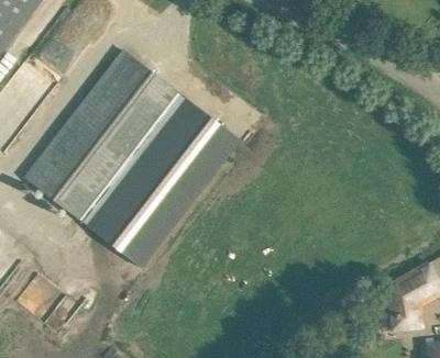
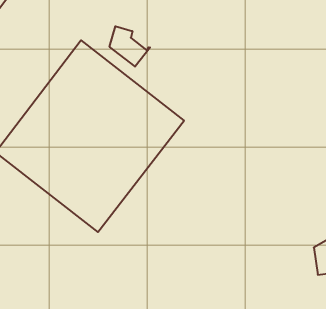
building: none -> [110,26,150,67]

